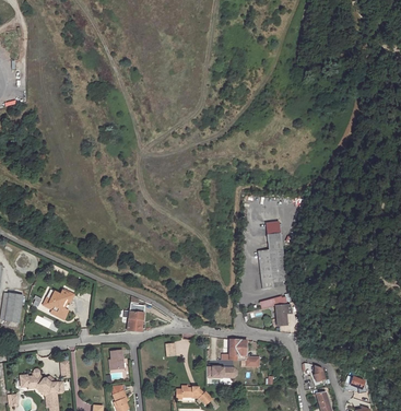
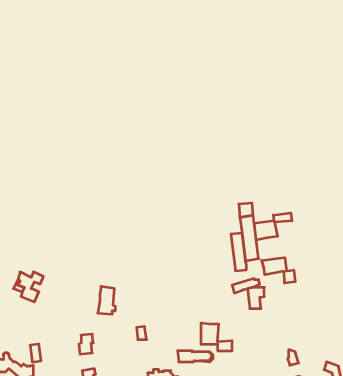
building: none -> [254,213,292,240]
building: none -> [262,258,295,283]

